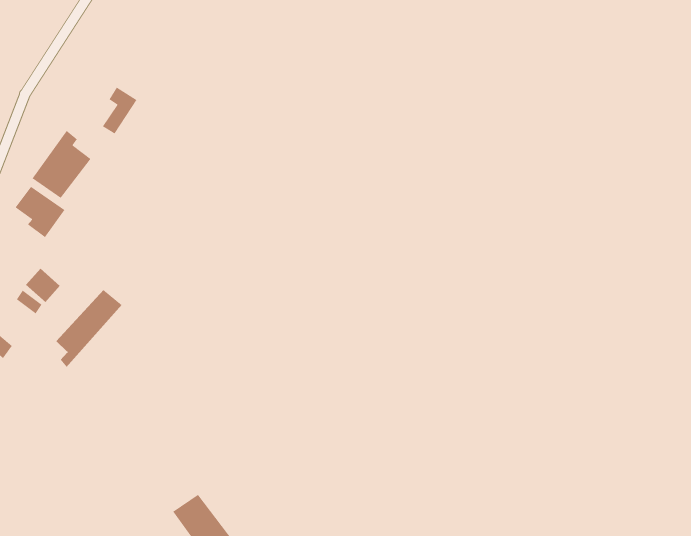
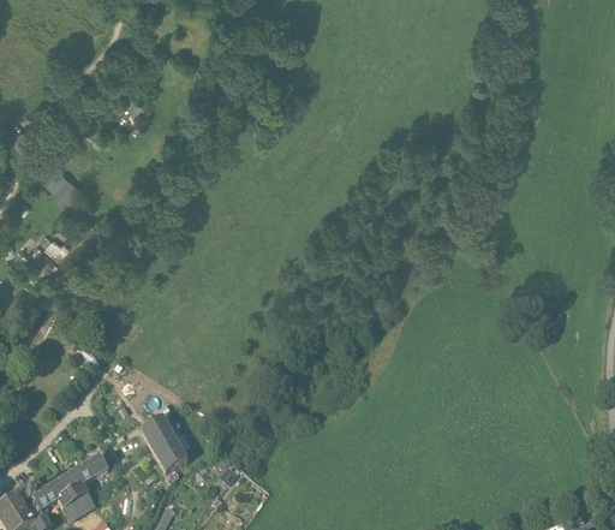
building: [31,130,92,199] -> none
building: [55,289,123,368] -> none

